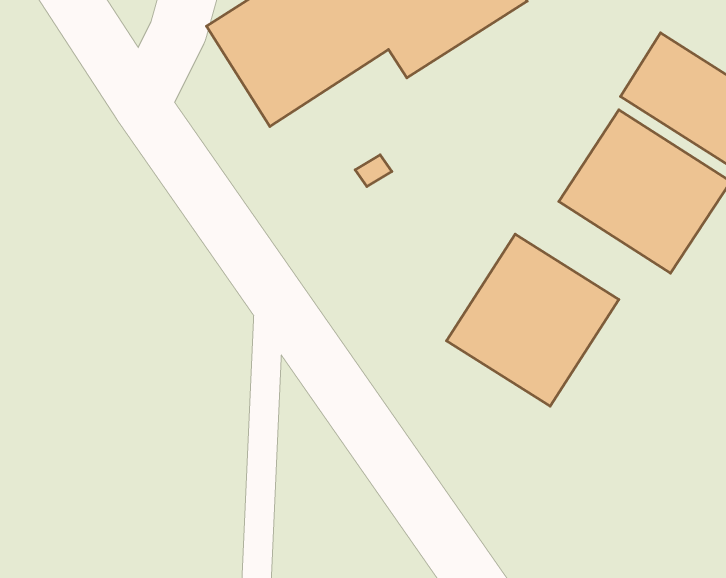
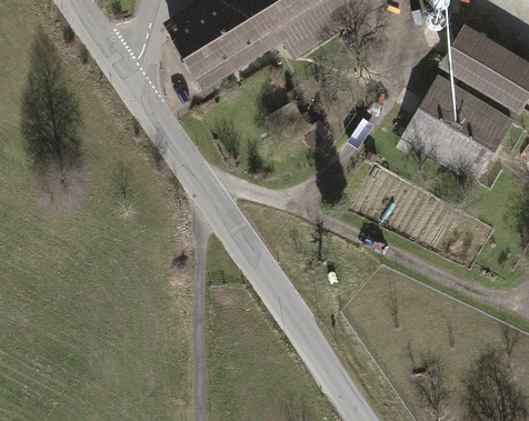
building: [447,234,619,406] -> none

